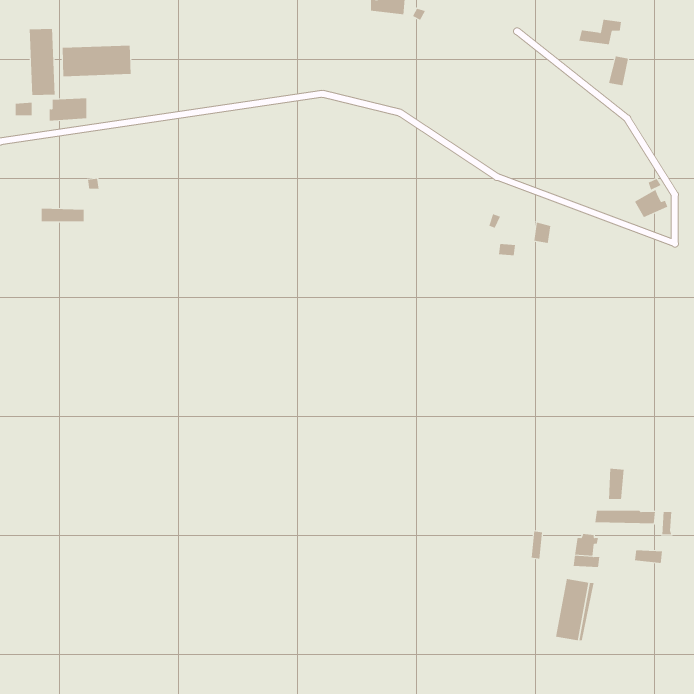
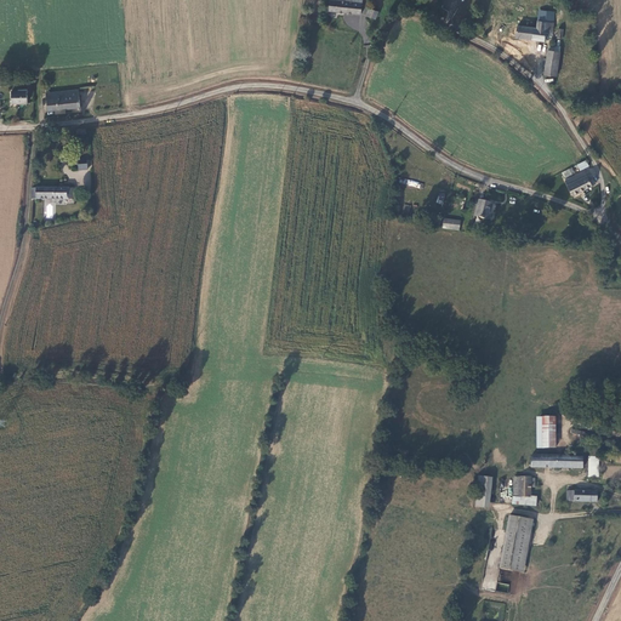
building: [29,28,55,96] -> none
building: [62,45,131,77] -> none

